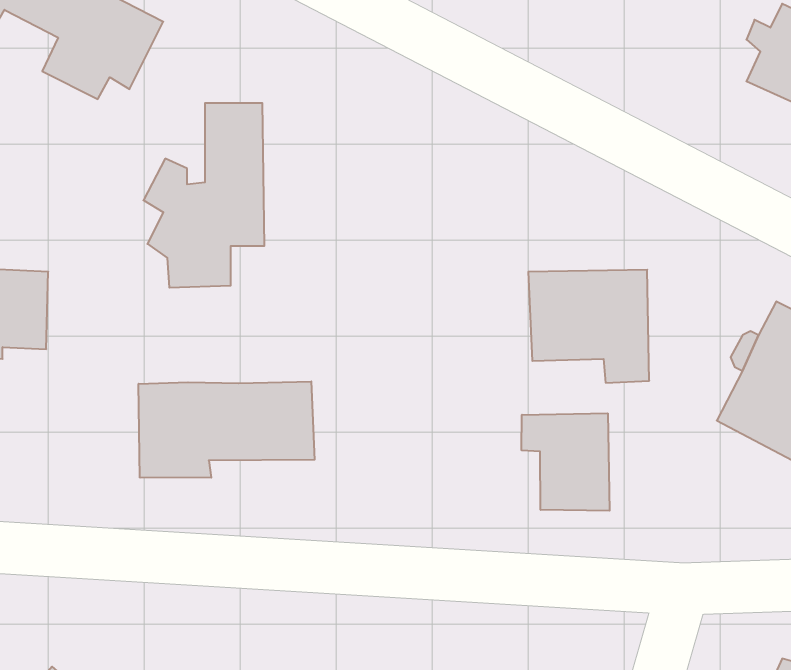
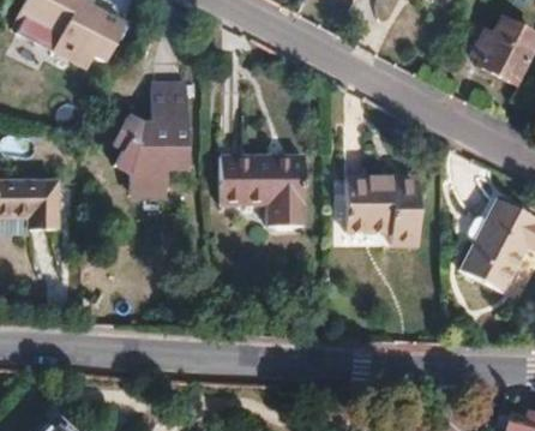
building: none -> [220,142,305,212]
building: [139,381,315,478] -> none
building: [522,413,610,511] -> none

